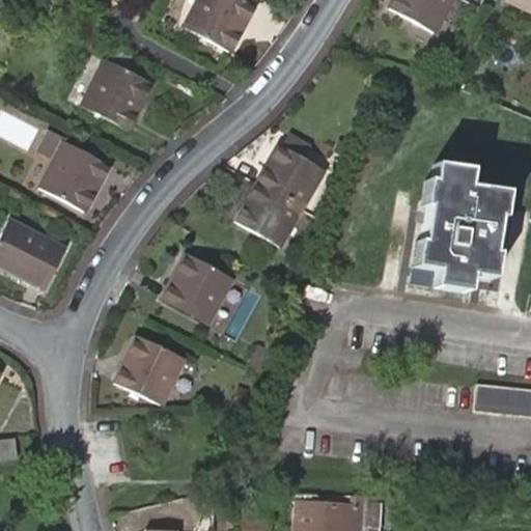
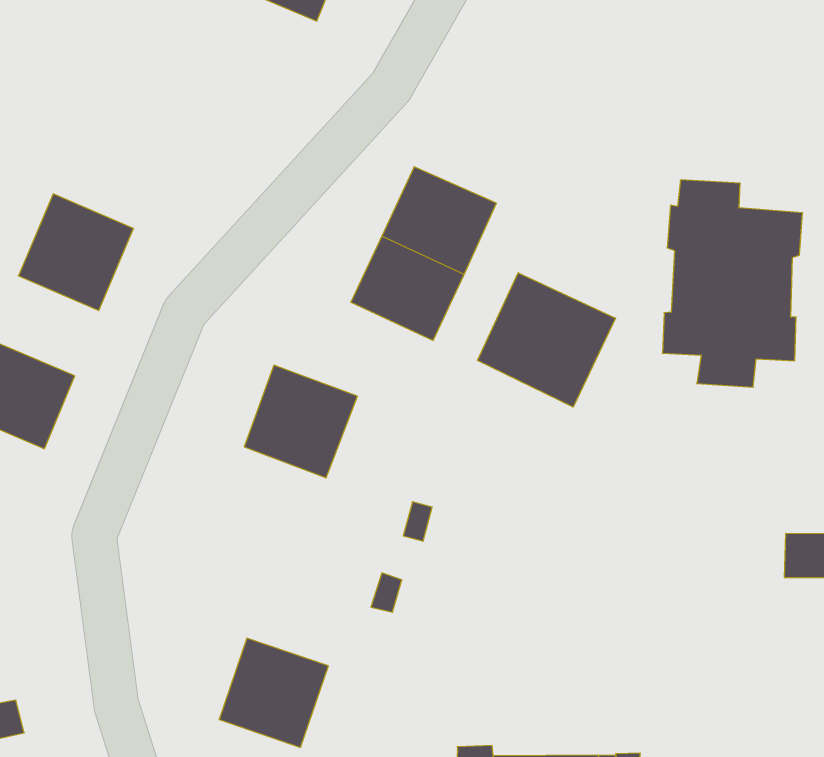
building: [81,59,151,130] -> none
building: none -> [478,273,616,407]
building: [117,336,185,403] -> [219,638,328,747]

